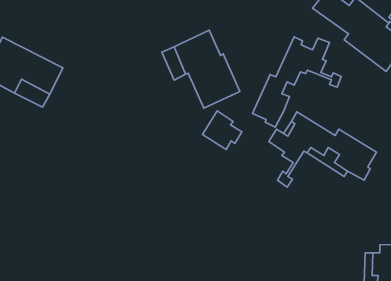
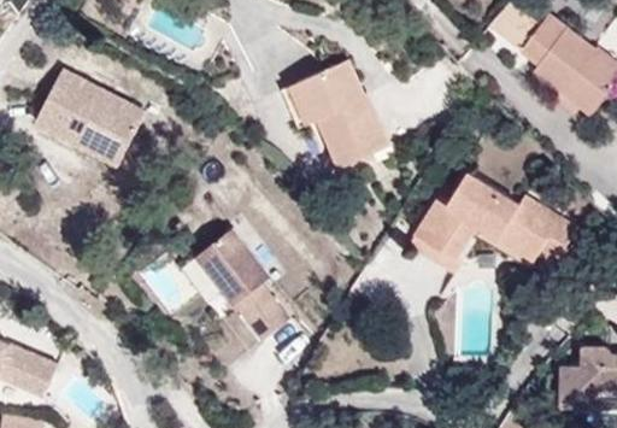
building: [252,37,341,127] -> none
building: [202,111,242,150] -> [407,212,462,265]
building: none -> [195,228,287,340]

